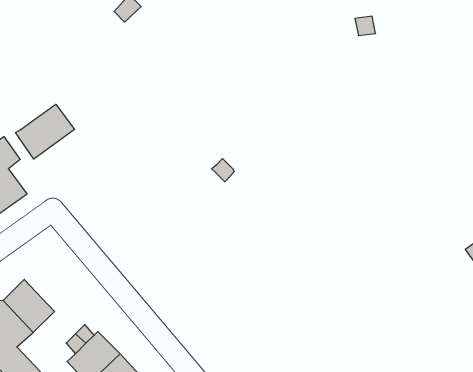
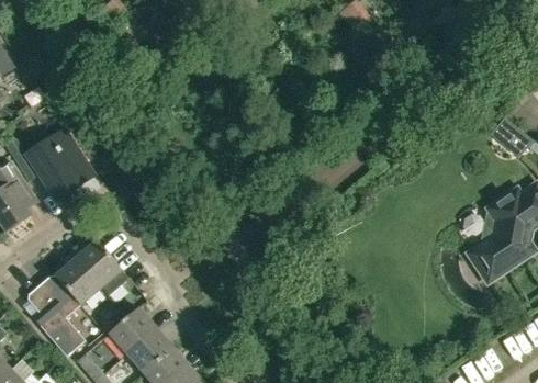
building: [16,104,74,159] -> none
building: none -> [75,239,127,294]

